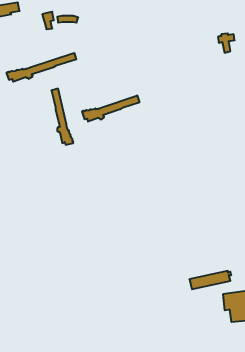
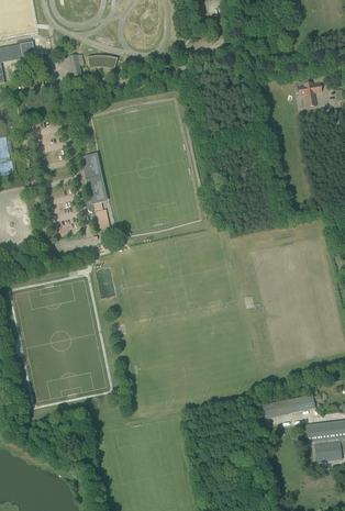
building: [7,53,76,82] -> none
building: [82,95,139,122] -> none

